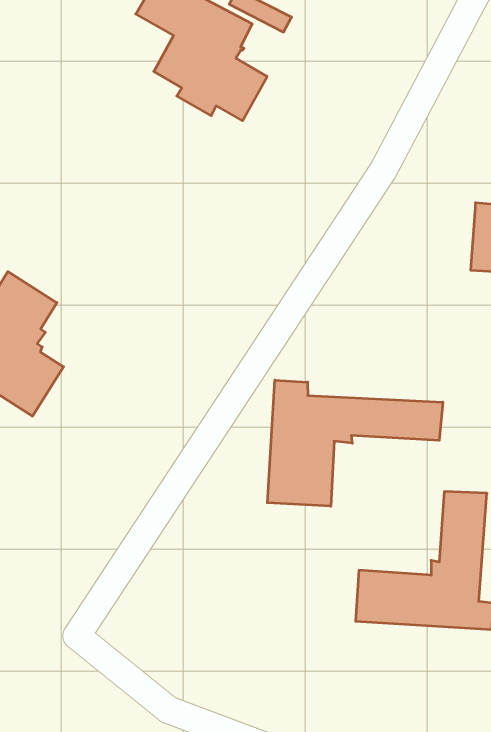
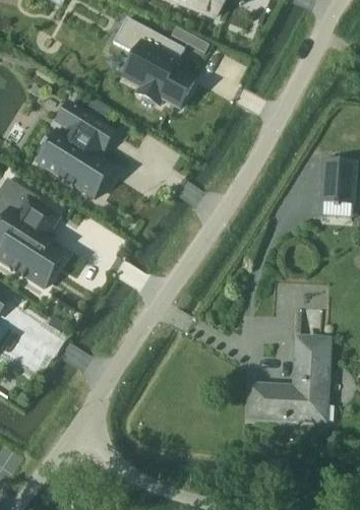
building: none -> [36,109,114,195]
building: [267,380,443,506] -> none

